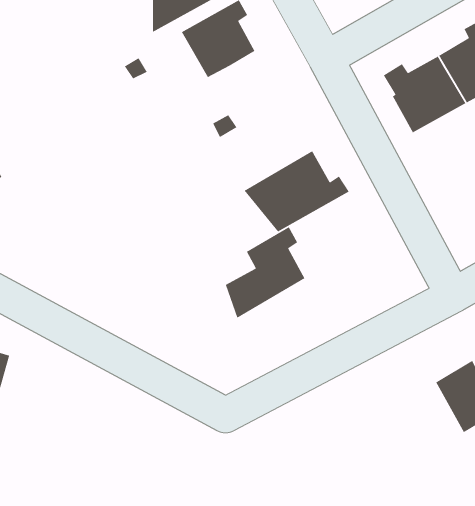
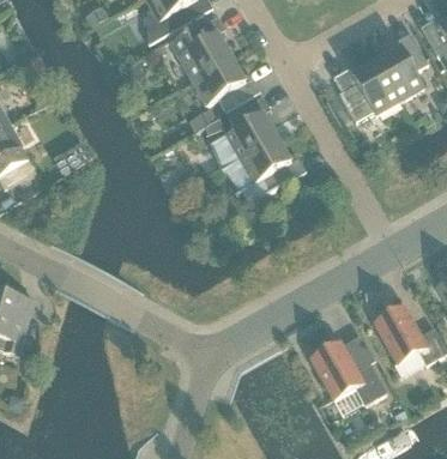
building: none -> [192,56,259,109]
building: [225,226,306,319] -> [211,93,276,168]
building: none -> [310,339,386,403]

